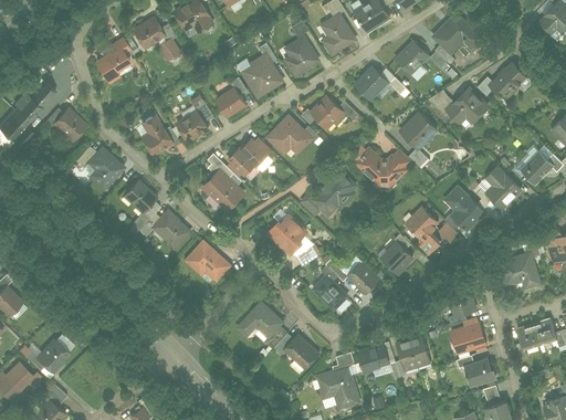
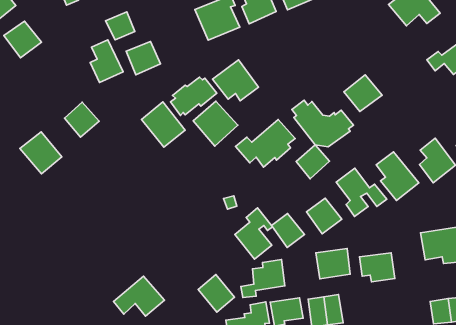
building: [394,40,430,76] -> none
building: [353,64,388,101] -> none
building: [214,86,245,116] -> [106,12,135,40]
building: [446,86,490,124] -> none
building: [301,94,358,128] -> none
building: [86,146,126,191] -> none
building: none -> [296,145,329,179]
building: [149,208,192,250] -> [20,132,62,174]
building: [264,211,310,256] -> [193,101,238,146]
building: [184,239,231,282] -> none
building: [233,300,284,340] -> [113,276,164,316]
building: none -> [241,259,285,298]
building: [449,322,486,356] -> [316,249,350,279]

